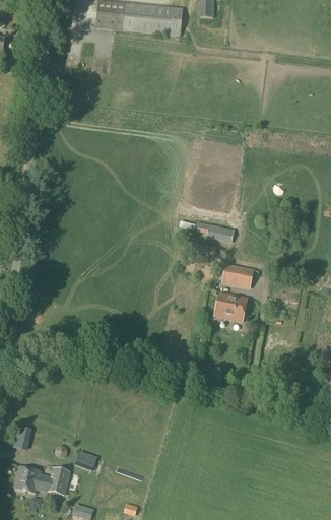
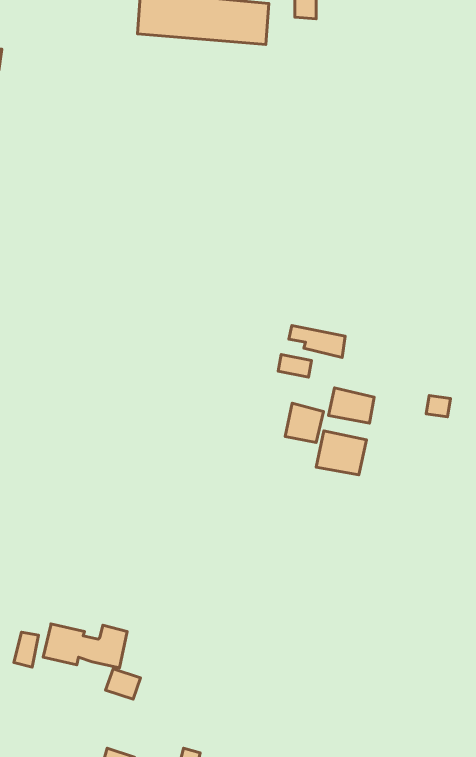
building: none -> [285,403,323,443]
building: [14,465,70,495] -> [43,624,127,668]

